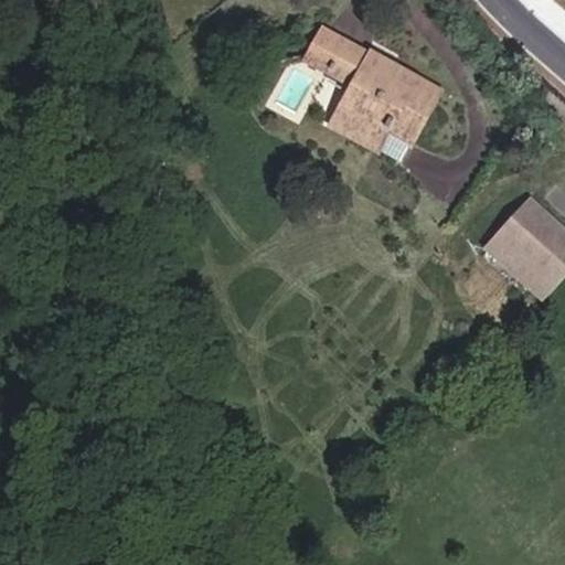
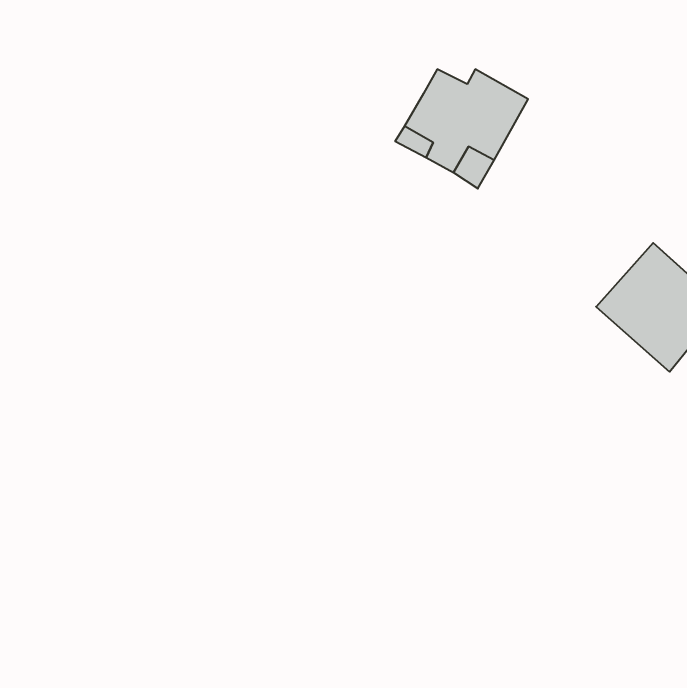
building: [301,22,392,81] -> none

